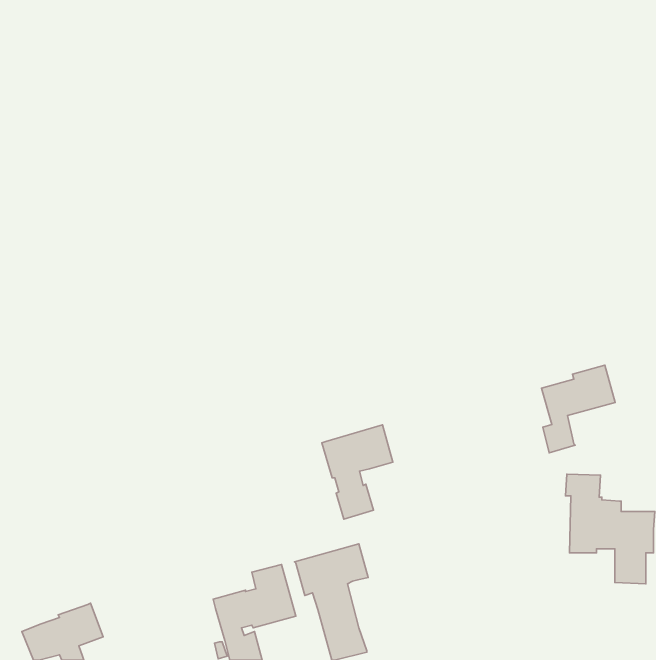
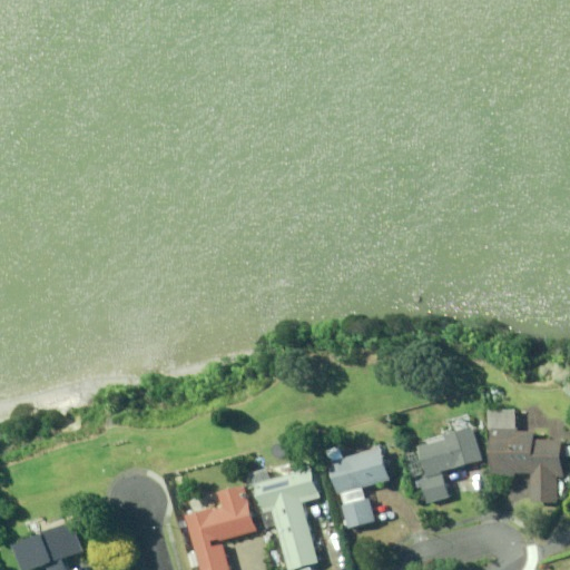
building: [542,365,615,453] -> [417,428,481,503]
building: [322,425,393,519] -> [327,448,389,529]

